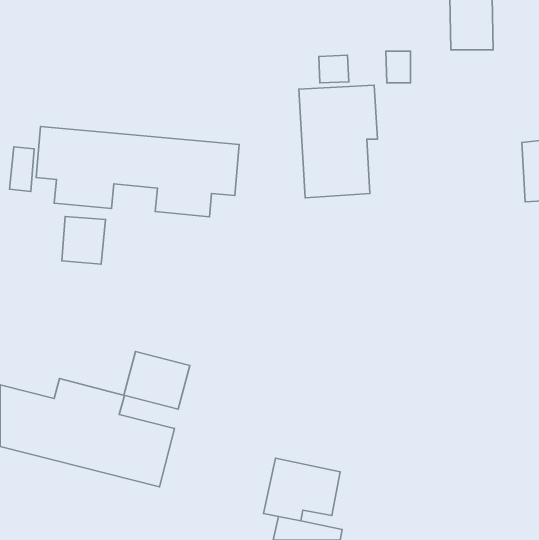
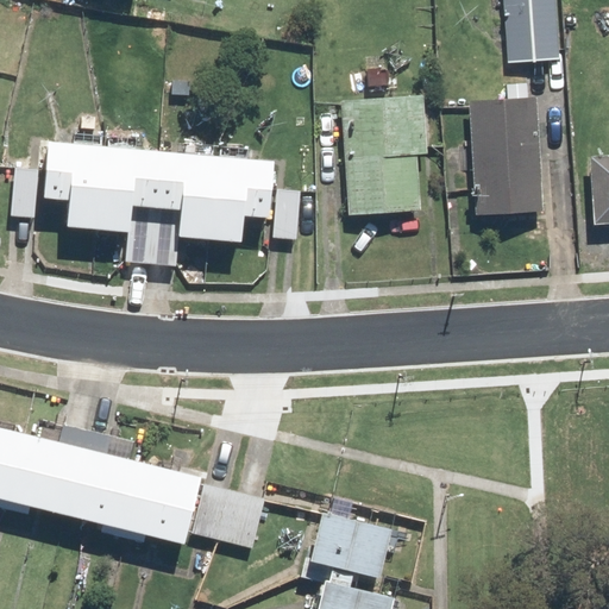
building: none -> [471,99,542,216]
building: [62,216,105,264] -> [130,212,178,265]
building: [124,352,190,409] -> [190,482,264,546]

